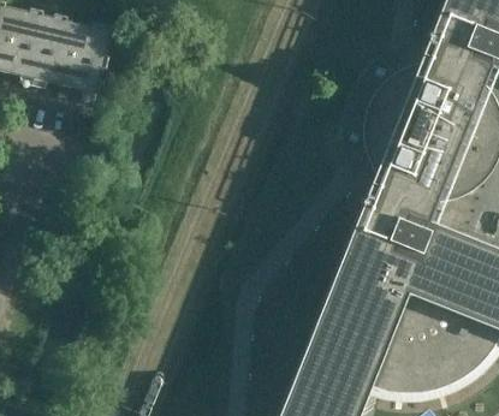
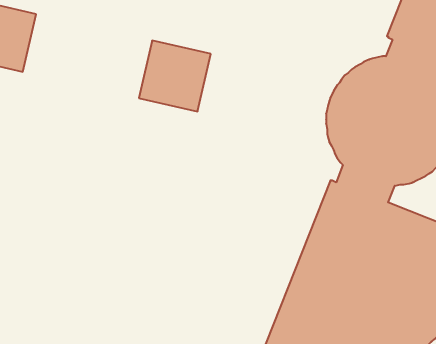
building: [34,16,112,93] -> [139,41,211,111]

